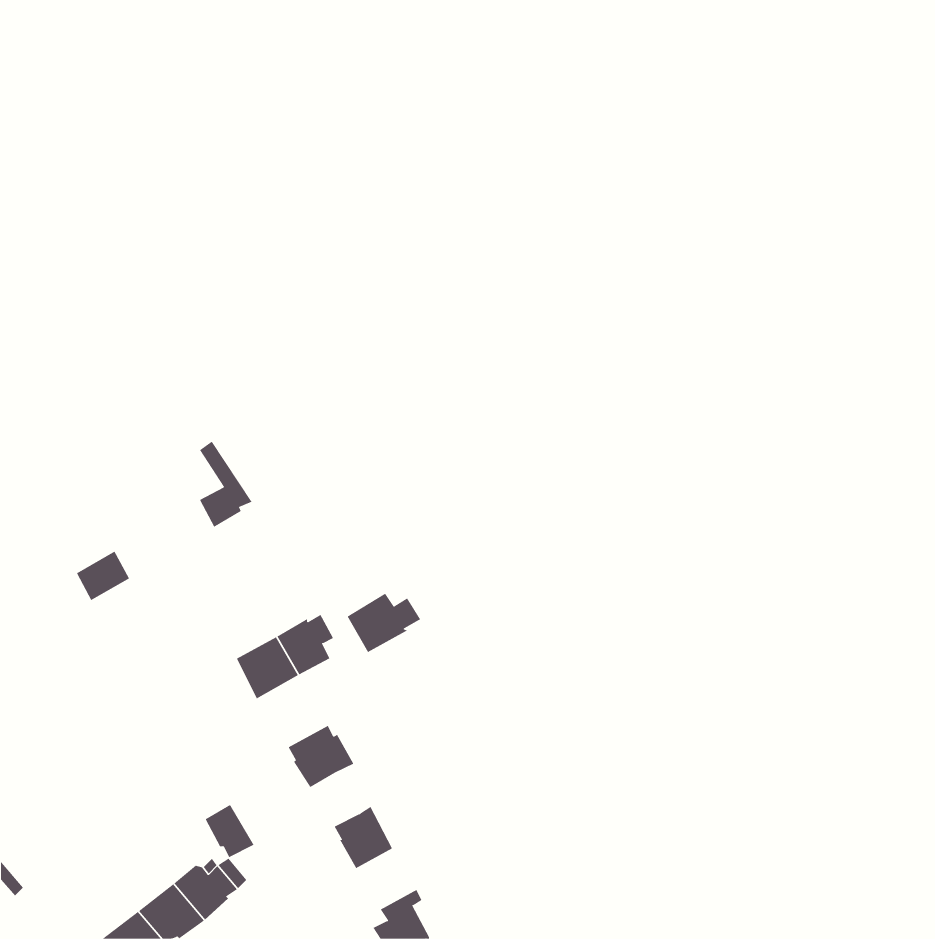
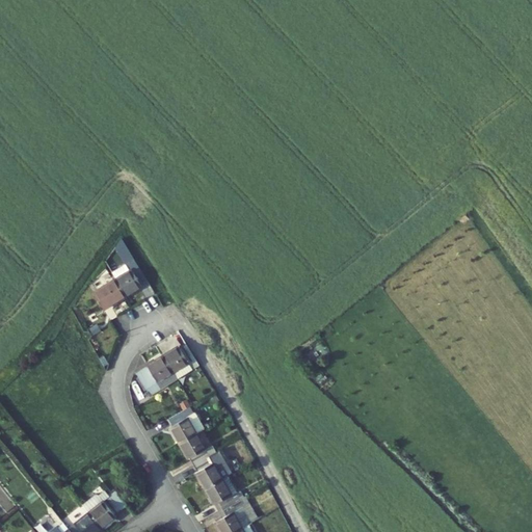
building: [76,551,130,601] -> [95,282,125,310]
building: [347,593,421,653] -> none
building: [205,804,254,858] -> [179,435,207,466]
building: none -> [205,478,239,512]

